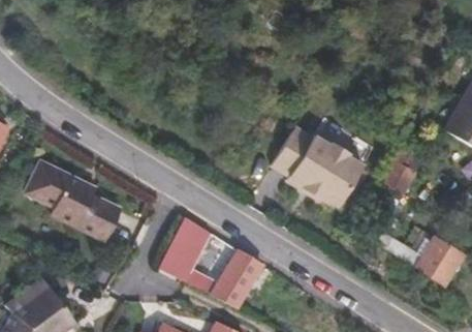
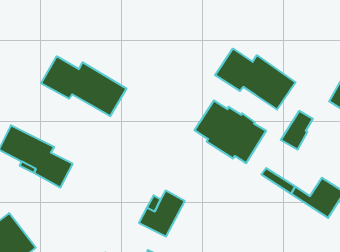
building: none -> [215,49,296,110]
building: none -> [41,56,126,116]
building: [159,214,213,280] -> none

